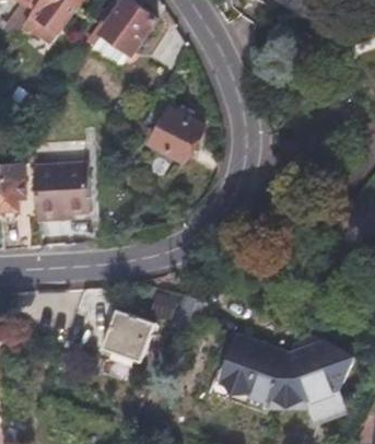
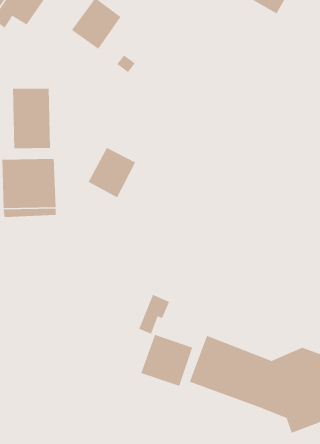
building: none -> [12,88,51,149]
building: [151,109,199,161] -> [88,147,136,199]
building: [99,308,152,361] -> [140,334,193,387]

